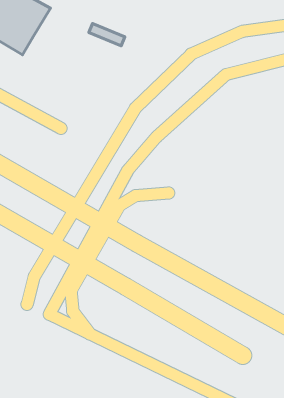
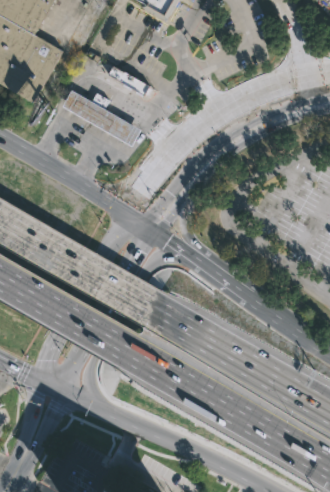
building: none -> [63,88,141,145]

